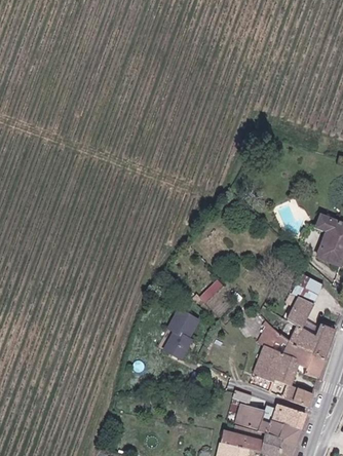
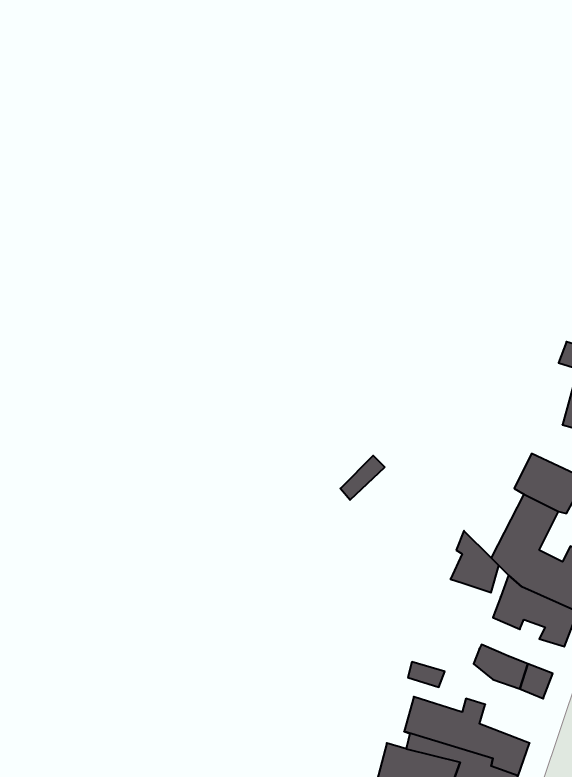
building: [166,308,199,357] -> none
building: [254,346,295,385] -> none
building: [273,407,305,431] -> none

